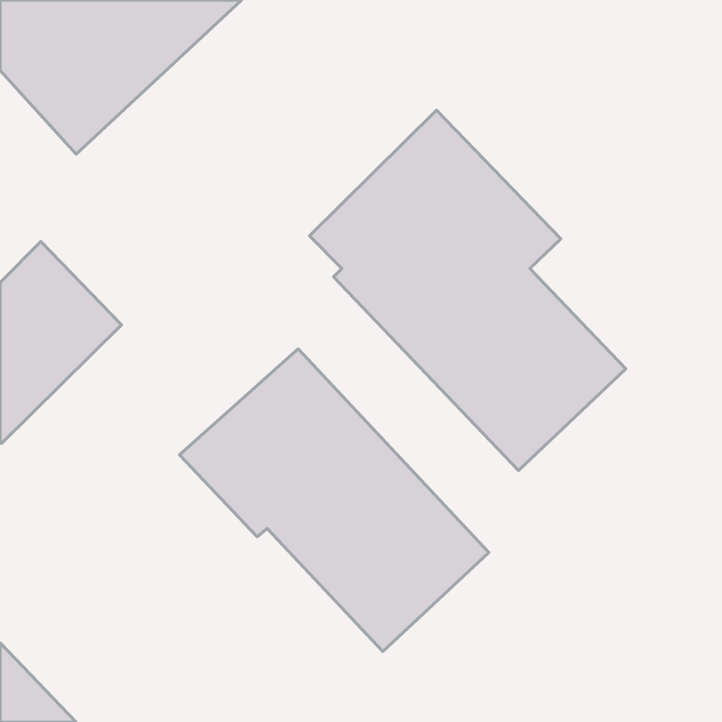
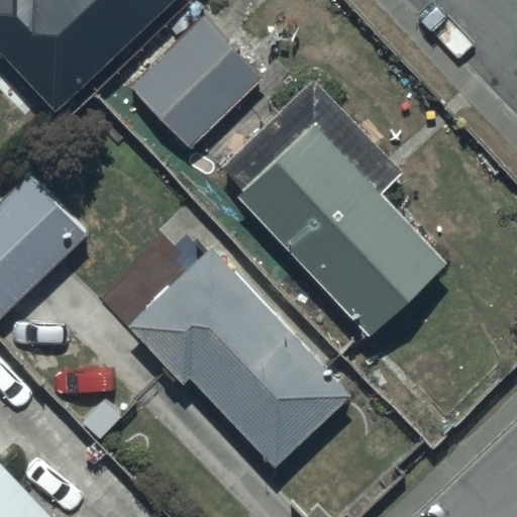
building: none -> [133,22,261,147]

